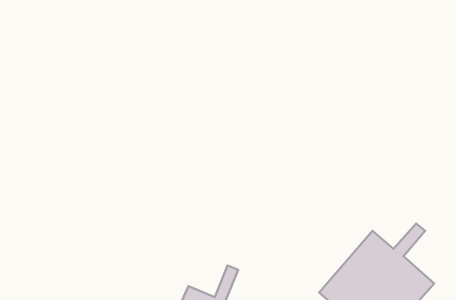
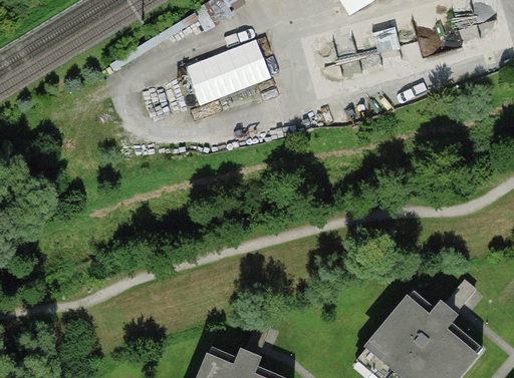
building: none -> [184,40,269,106]

